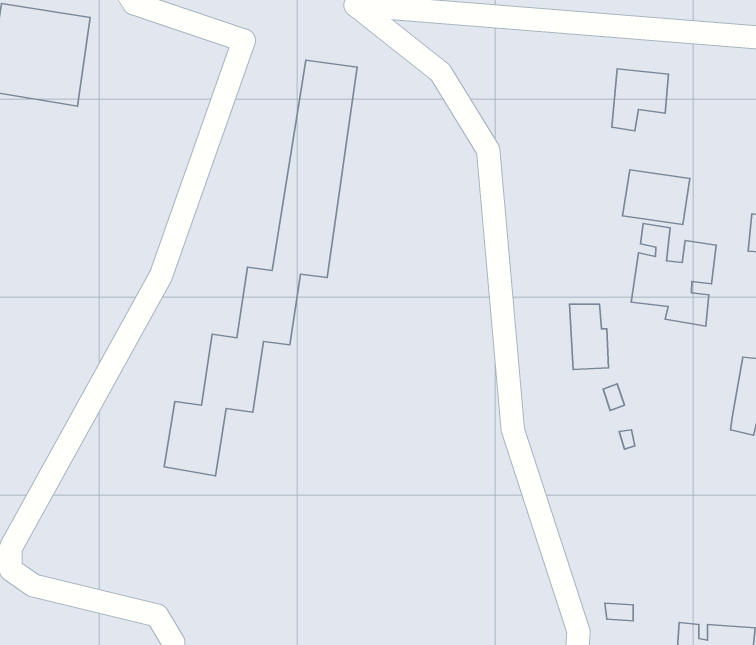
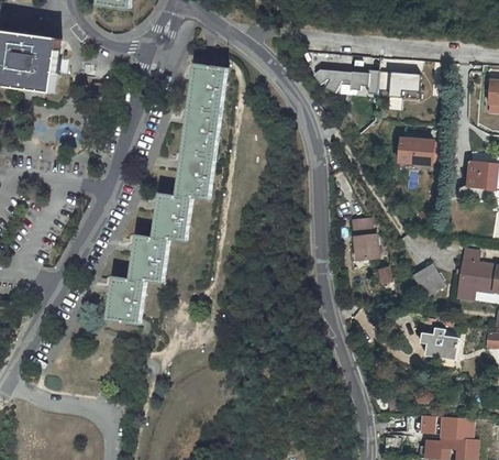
building: none -> [310,65,378,94]
building: [631,224,716,326] -> none
building: none -> [414,264,444,295]
building: none -> [411,327,448,355]

